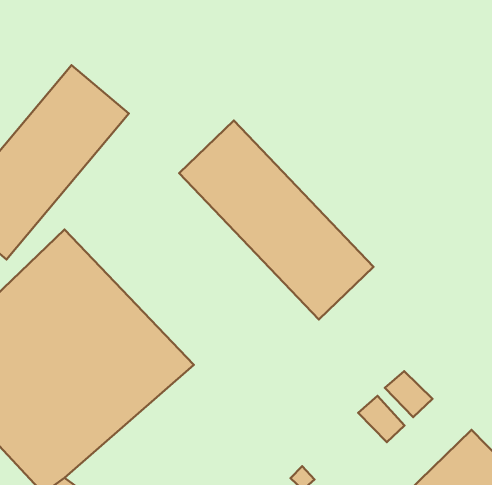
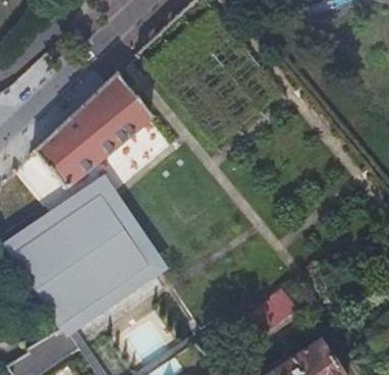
building: [179,120,374,319] -> none

